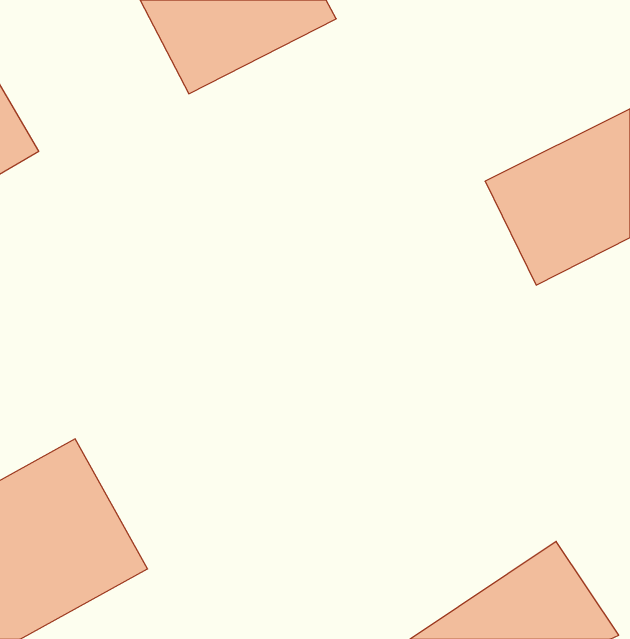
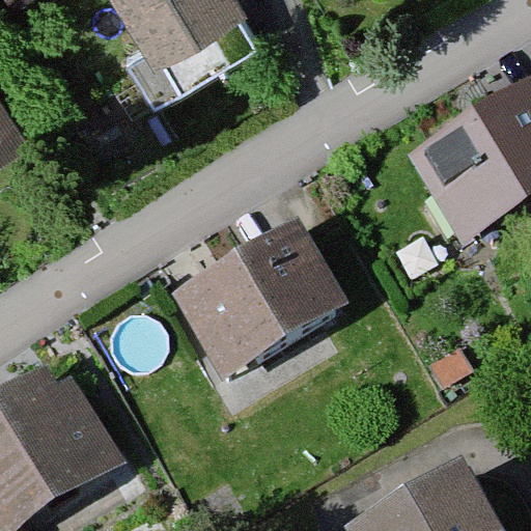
building: none -> [171,220,346,378]

